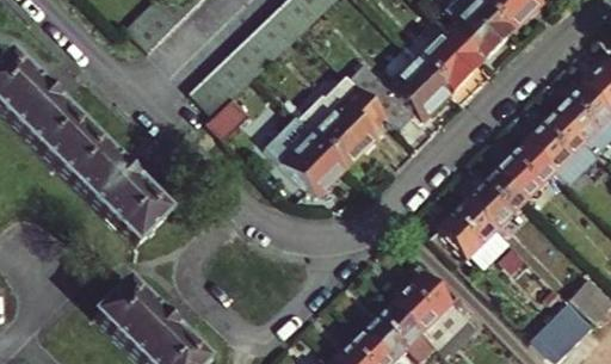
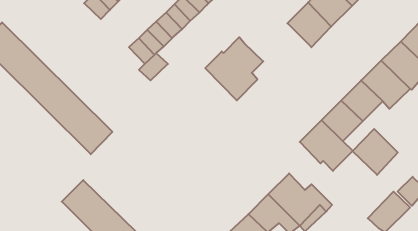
building: [358,55,455,135] -> none
building: [270,117,347,196] -> none
building: none -> [353,129,398,175]

